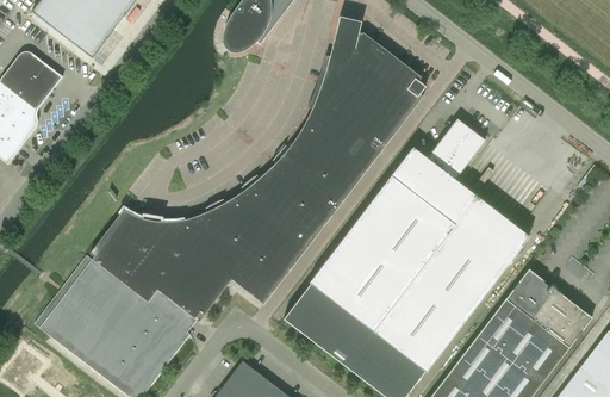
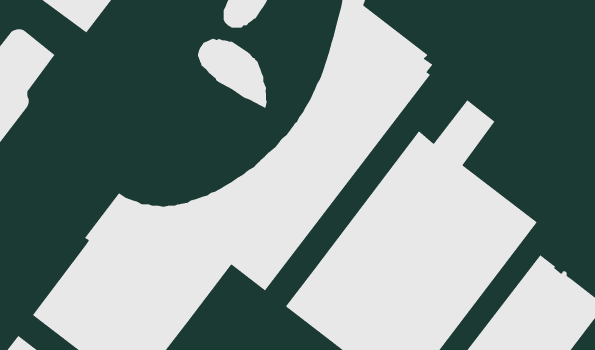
building: none -> [197,38,267,109]

